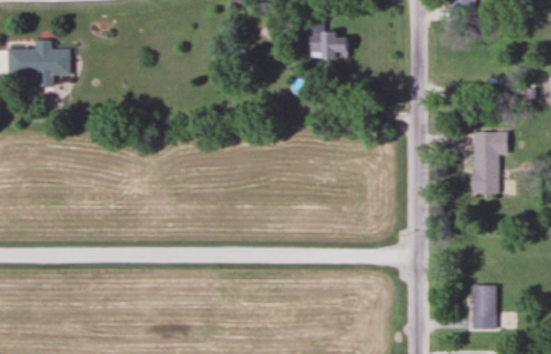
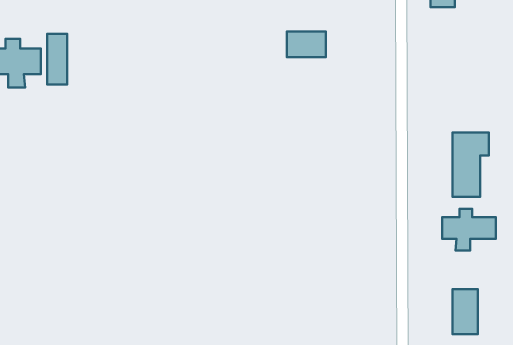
building: none -> [47,34,67,84]
building: none -> [442,209,496,250]

